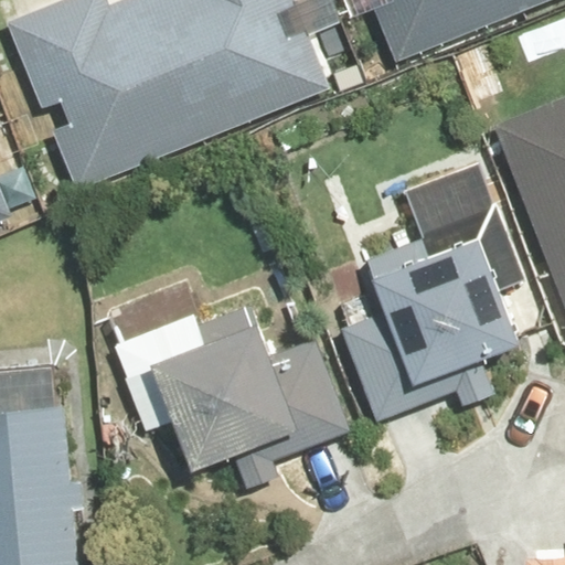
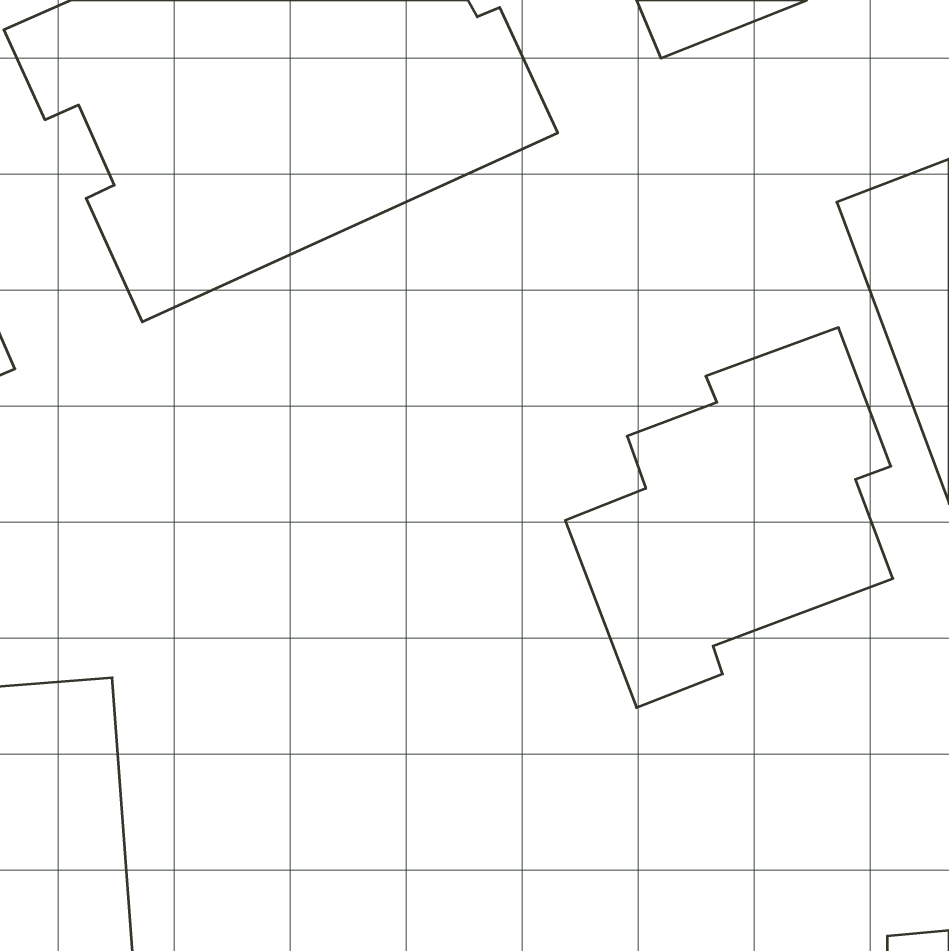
building: [153,286,350,469] -> none

